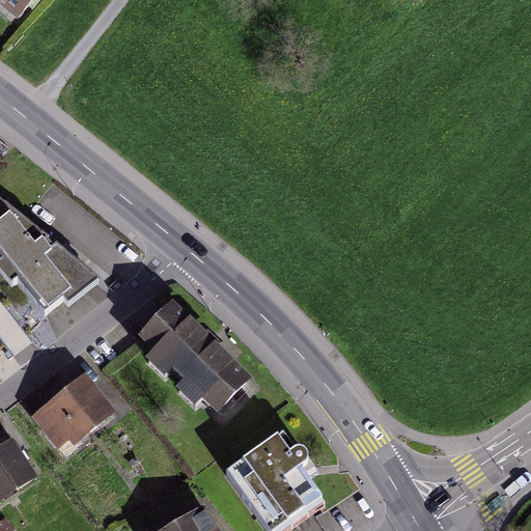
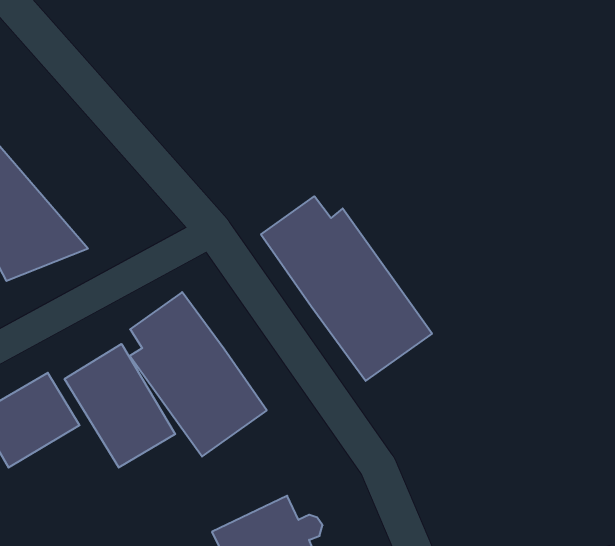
building: none -> [261,196,432,381]
building: none -> [65,344,175,468]

